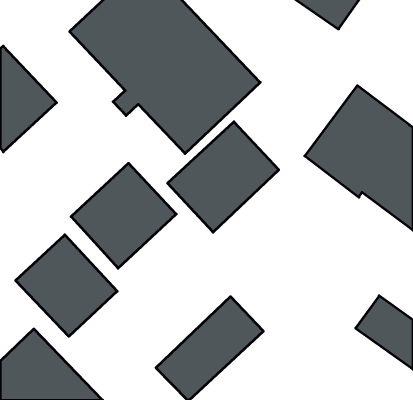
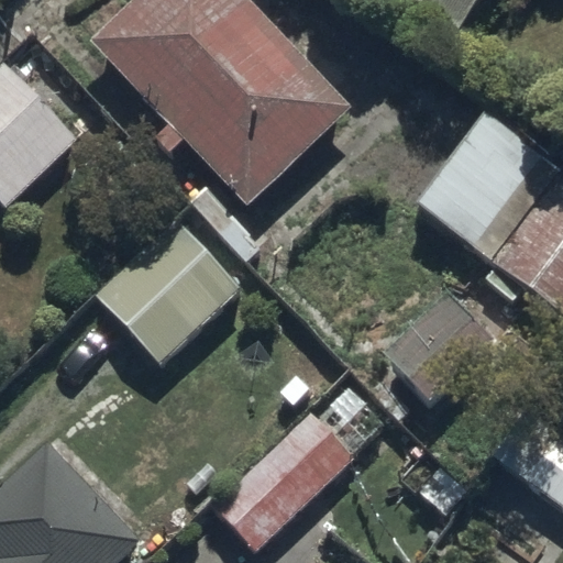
building: [168,122,279,232] -> none
building: [16,235,117,336] -> none

